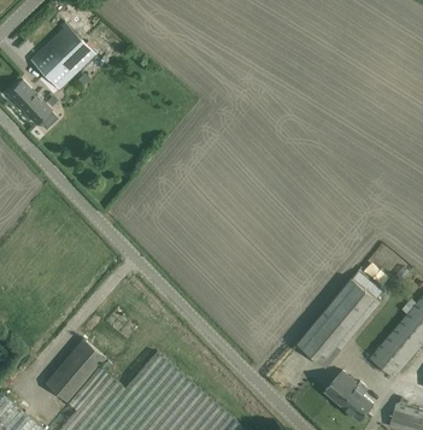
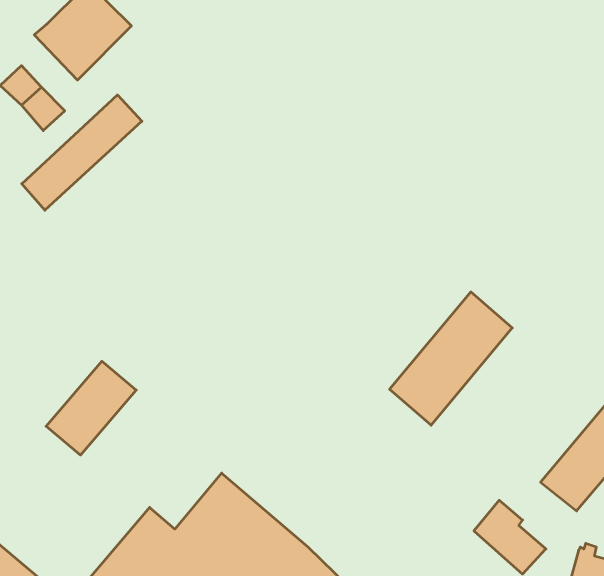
building: none -> [22,95,142,210]
building: [296,277,378,366] -> [390,292,512,425]
building: [45,338,105,401] -> [46,361,136,455]

